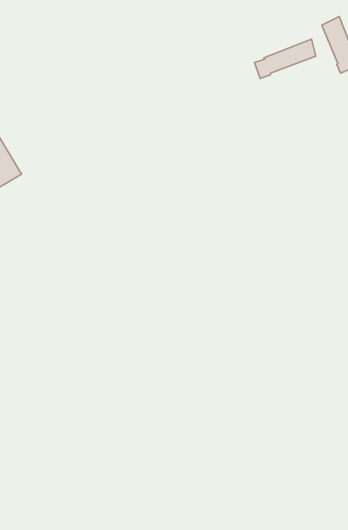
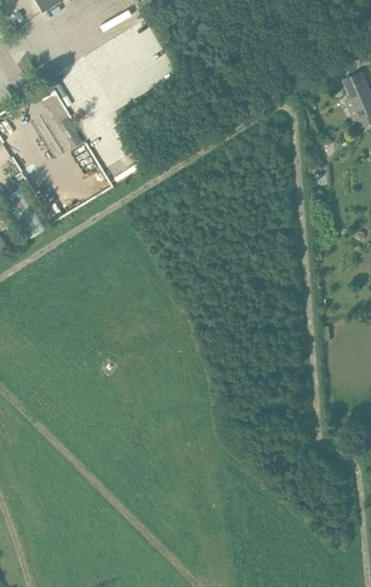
building: [255,39,316,79] -> none

